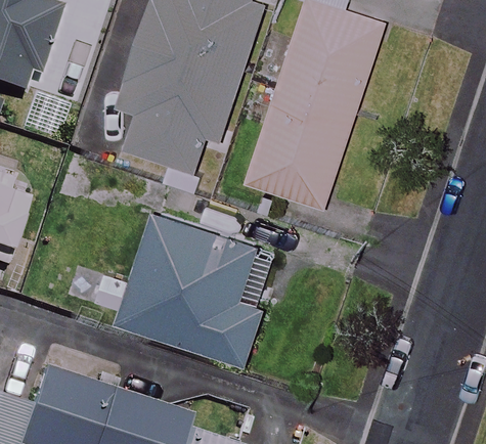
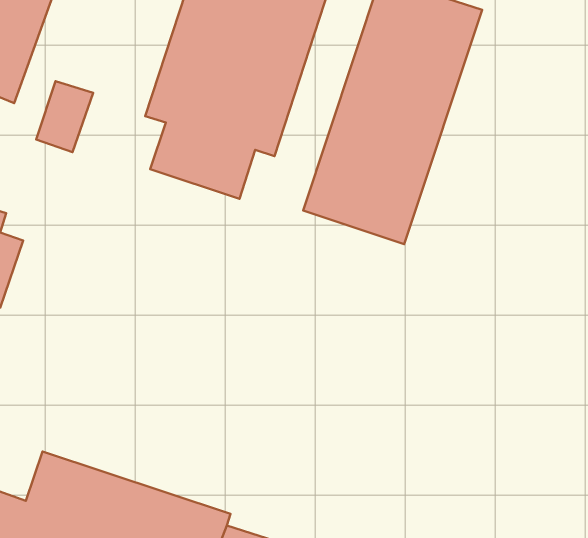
building: [120,214,263,361] -> none

